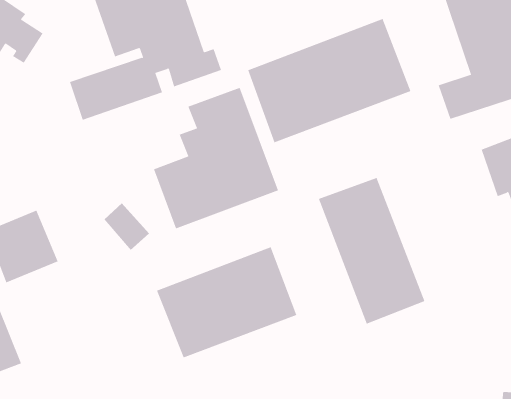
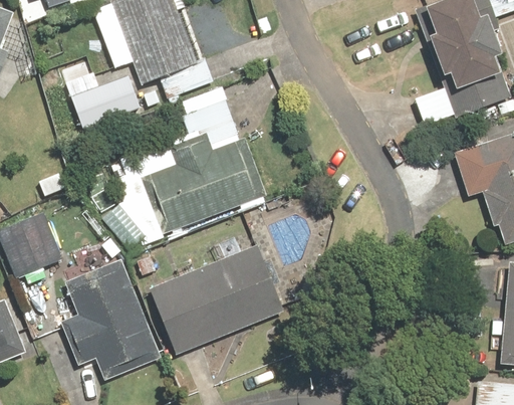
building: [248,18,411,143] -> none
building: [318,177,425,324] -> none
building: none -> [62,257,165,379]

